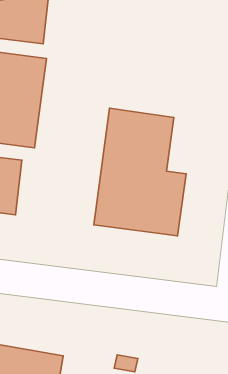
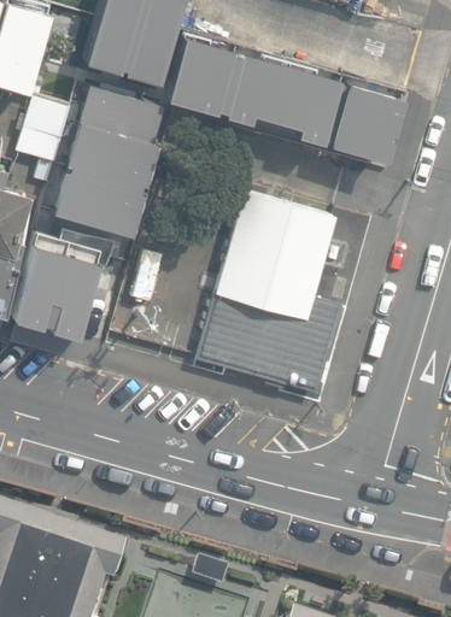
building: none -> [168,40,394,152]

